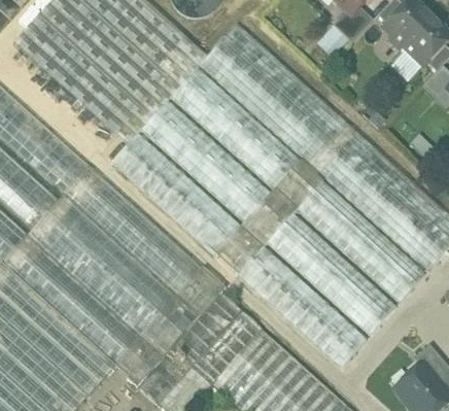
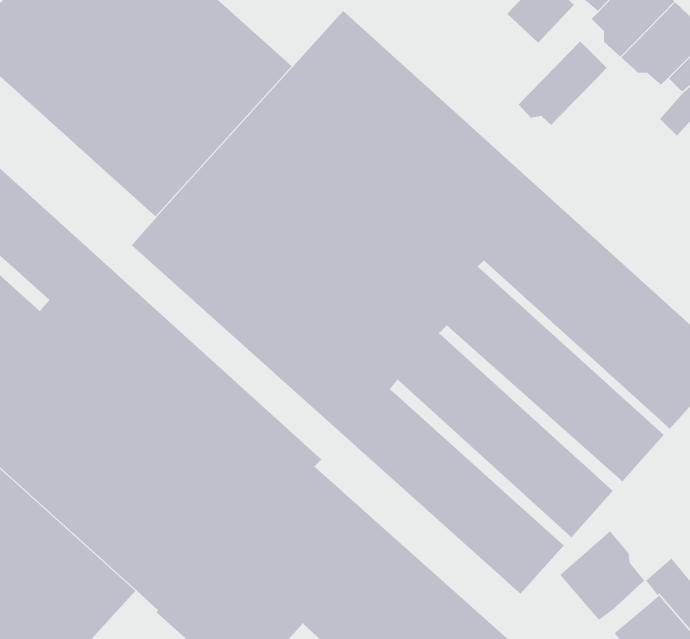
building: none -> [518,40,608,126]
building: none -> [559,530,645,621]

